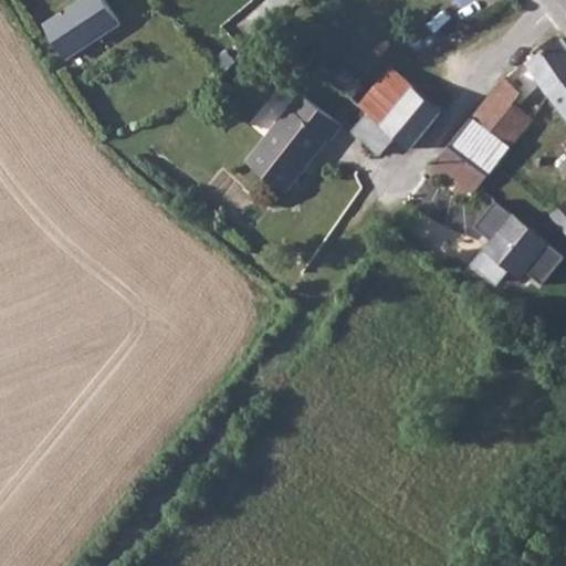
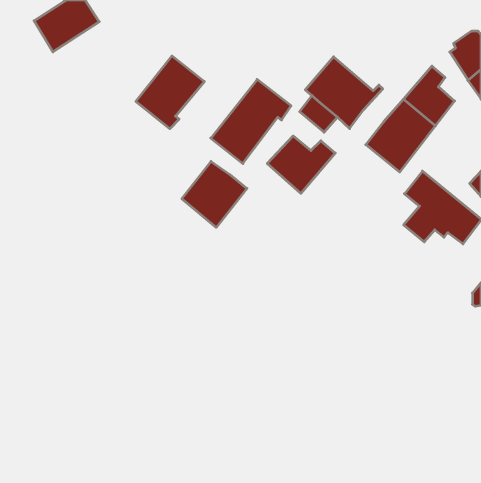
building: none -> [136,56,204,129]
building: none -> [267,136,335,193]
building: none -> [182,161,247,227]

